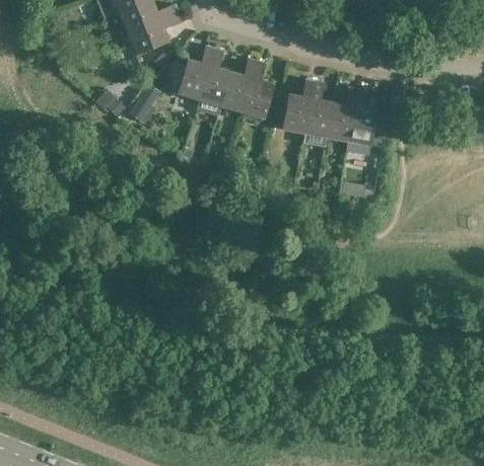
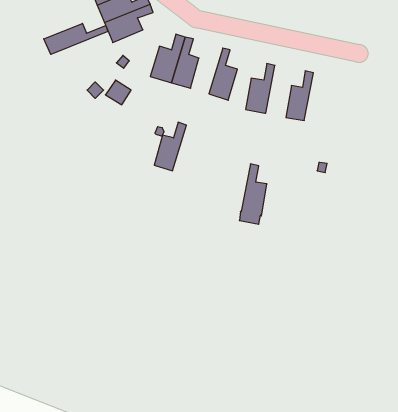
building: none -> [44,23,108,54]
building: [222,58,258,111] -> [154,122,186,171]
building: [303,80,334,147] -> [239,164,267,224]
building: [346,88,377,155] -> none

